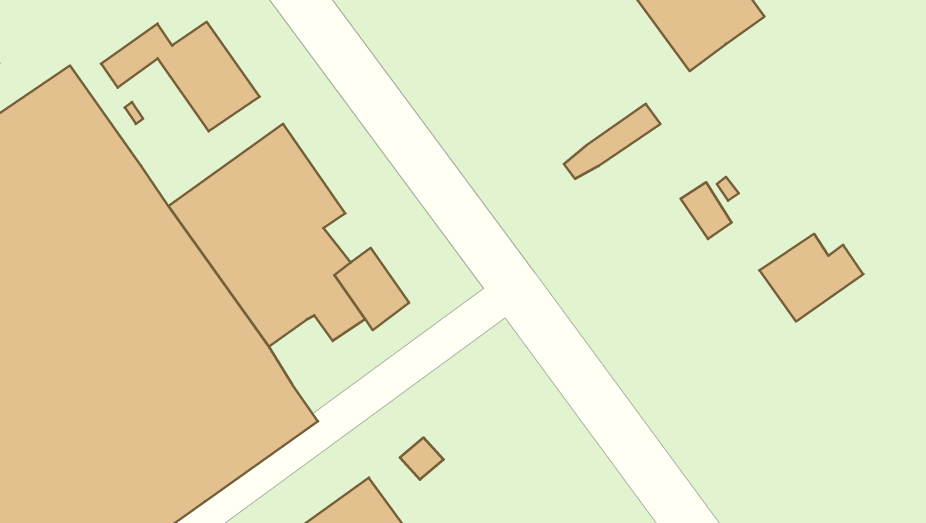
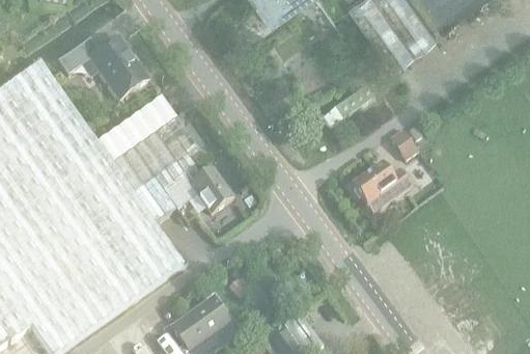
building: [759,234,863,321] -> [351,162,410,212]

